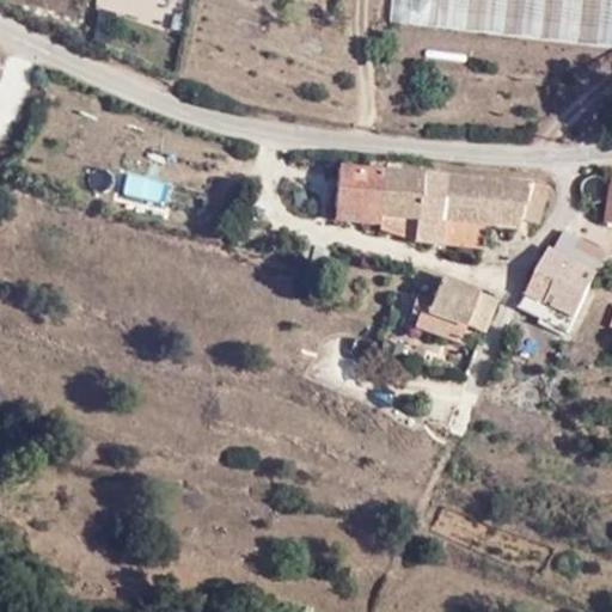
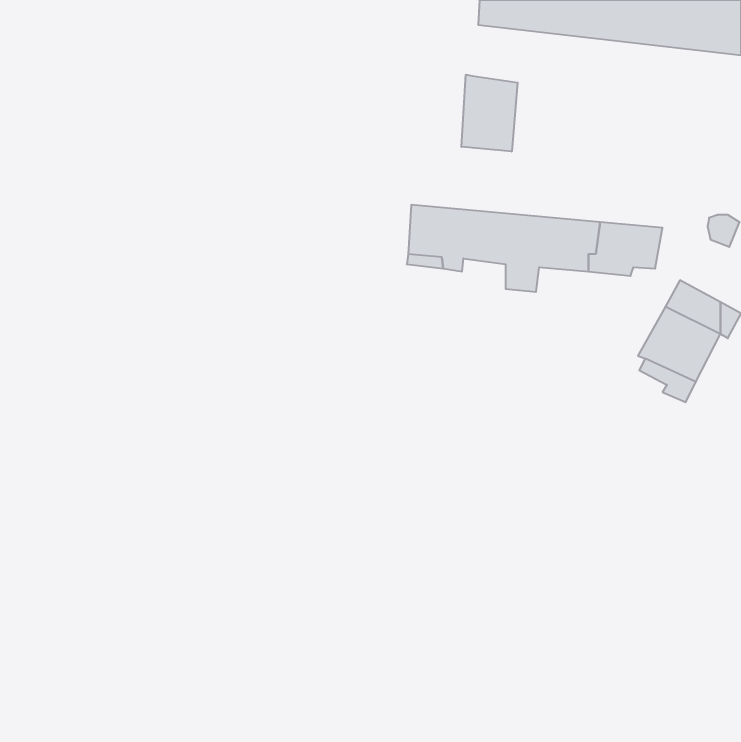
building: none -> [461,75,518,152]
building: [412,279,489,339] -> none

